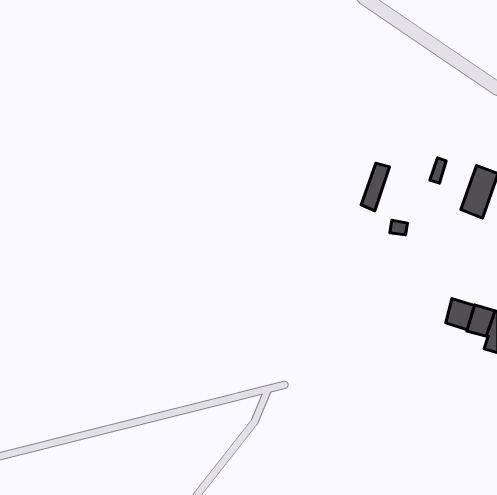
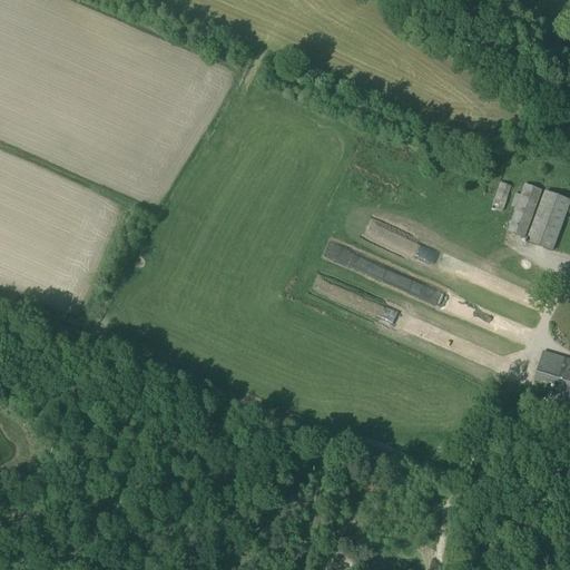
building: [361,163,389,211] -> [509,183,541,237]
building: [446,298,474,330] -> none

